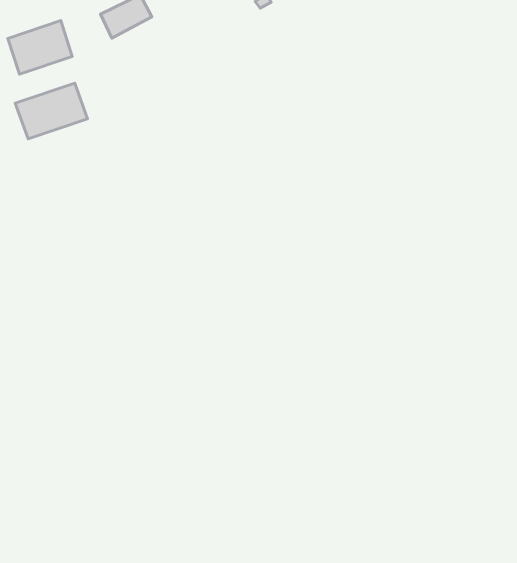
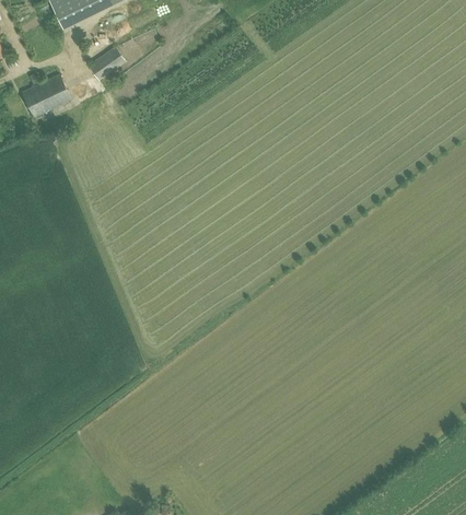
building: [15,83,88,139] -> none

